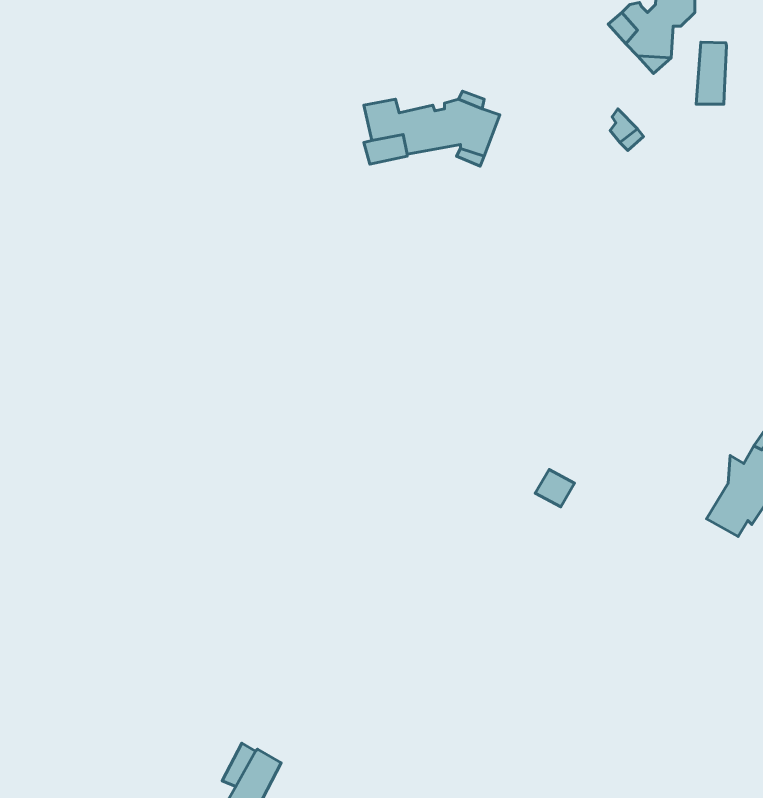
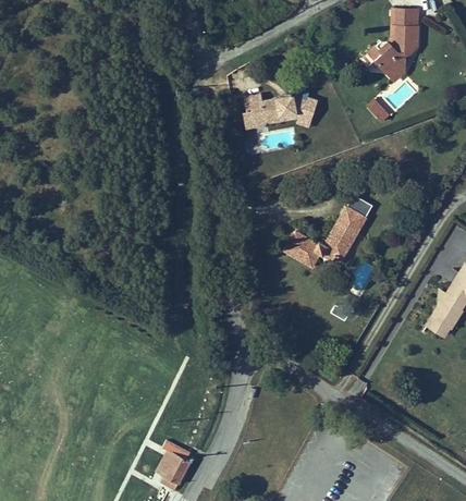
building: [696,42,727,104] -> none
building: none -> [286,205,368,266]

